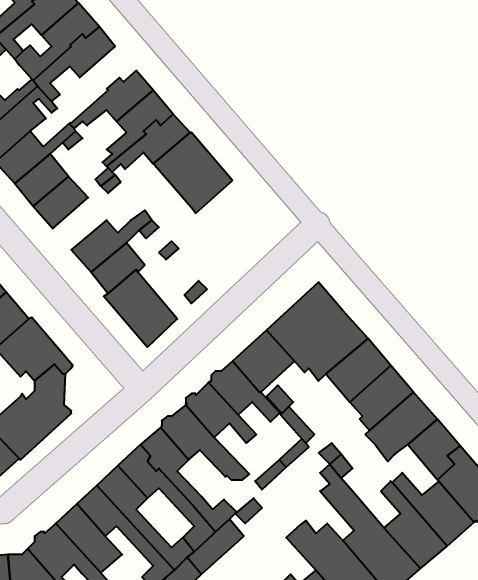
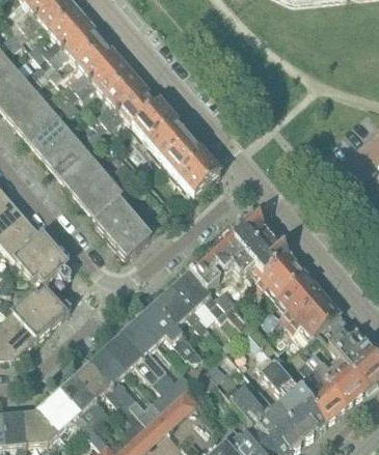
building: none -> [62,37,118,94]
building: none -> [141,136,220,195]
building: none -> [57,148,97,187]

